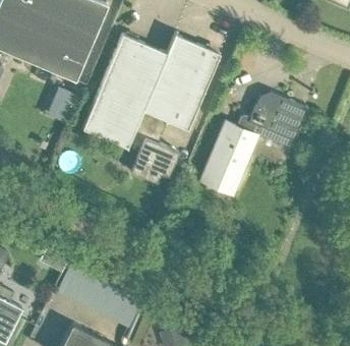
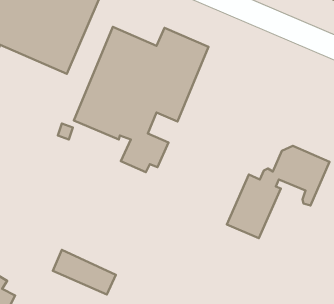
building: [201,92,306,186] -> [227,146,330,238]

